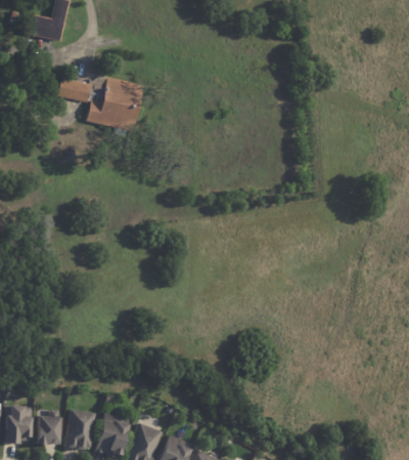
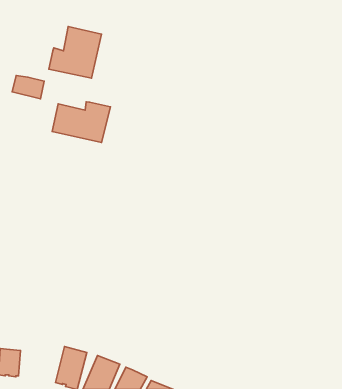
building: [57,78,91,102] -> [12,75,44,99]
building: none -> [52,102,110,143]
building: [64,409,97,450] -> none

